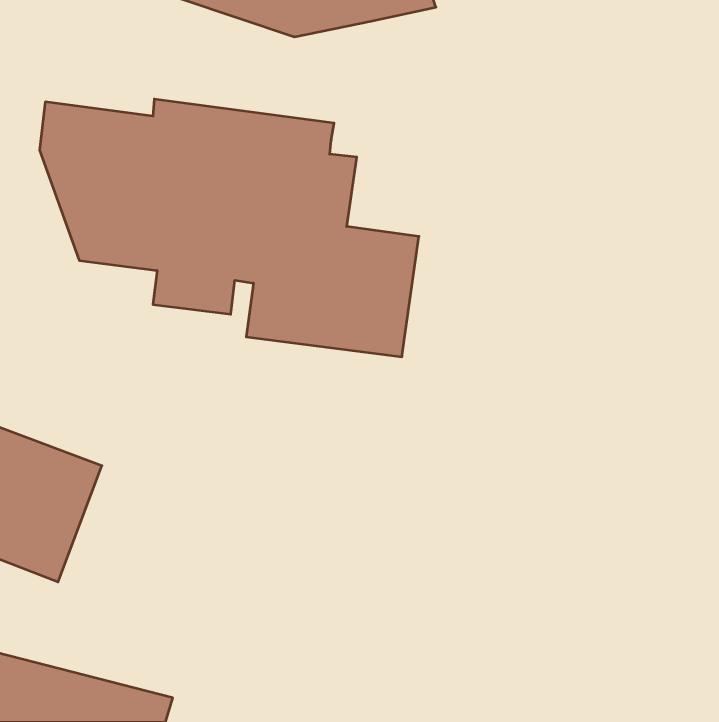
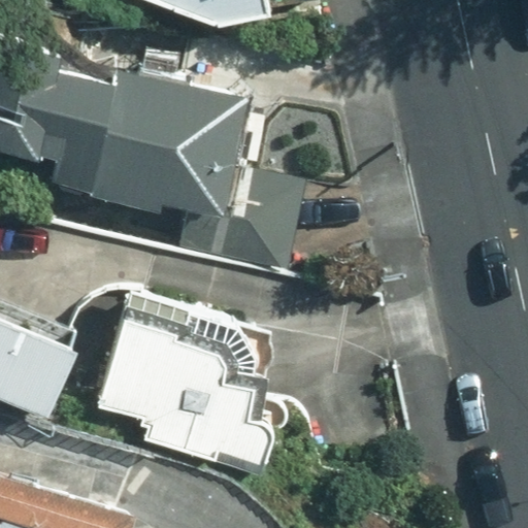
building: none -> [100,311,267,477]

